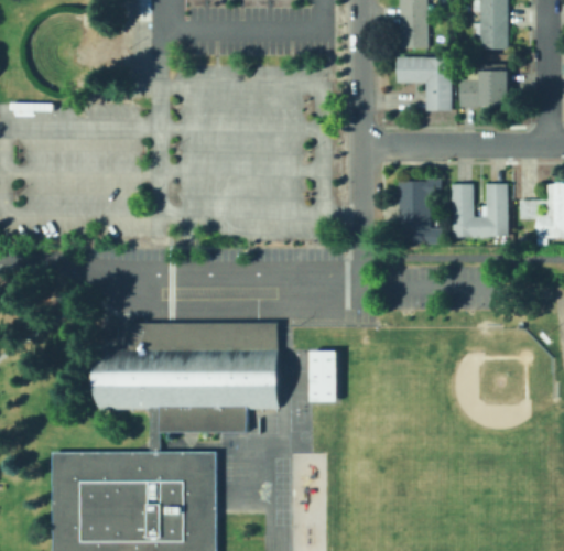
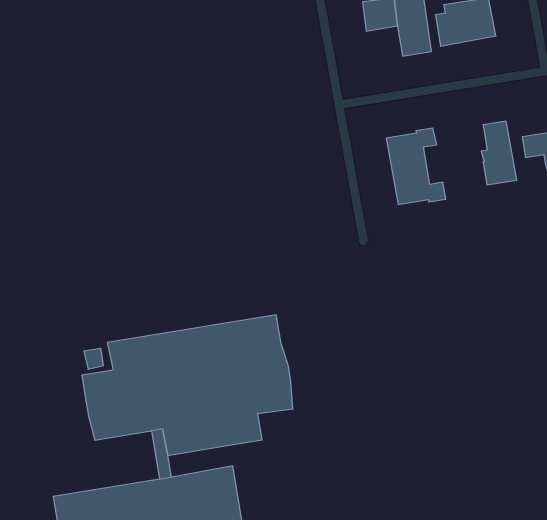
building: [452,185,481,238] -> none
building: [308,350,337,401] -> none

